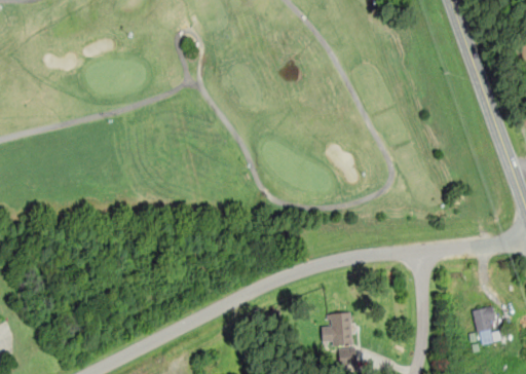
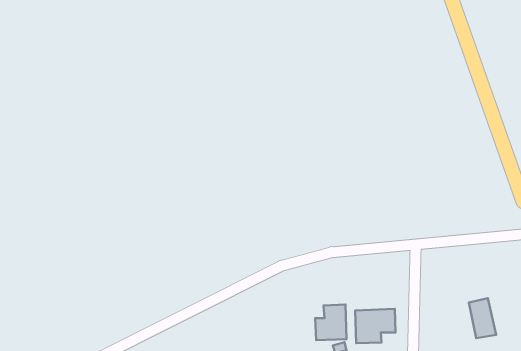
building: none -> [355,309,395,343]

